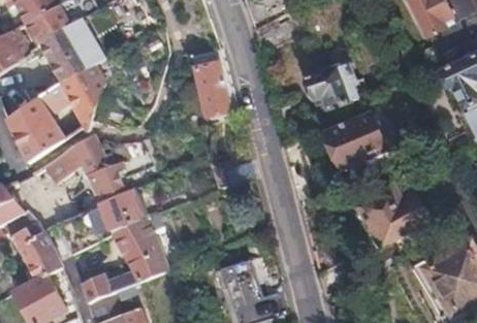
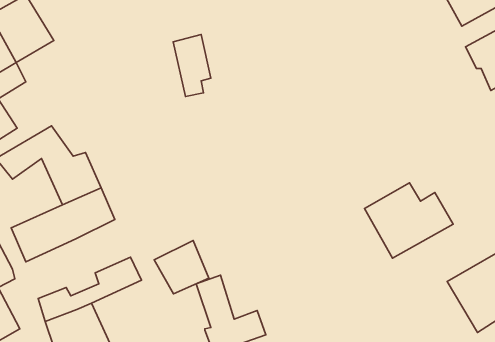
building: [61,64,103,126] -> none
building: [304,64,368,115] -> none
building: [331,112,385,164] -> none
building: [112,216,158,261] -> [154,240,209,294]

